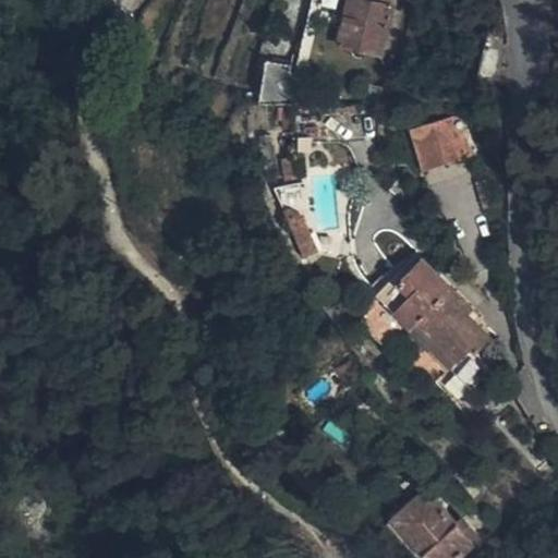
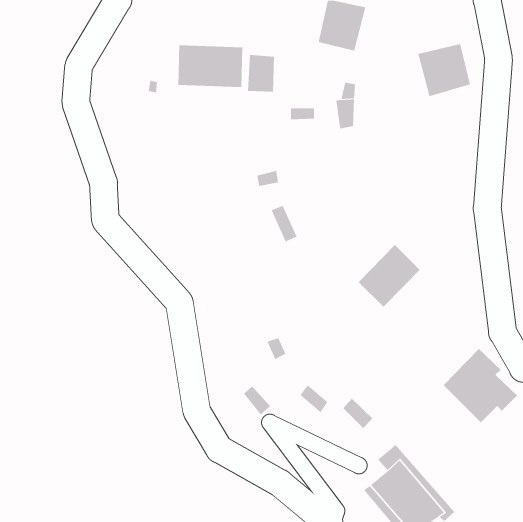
building: none -> [178,44,243,88]
building: [409,113,465,170] -> [418,44,471,97]
building: [409,289,488,368] -> [443,348,518,423]

